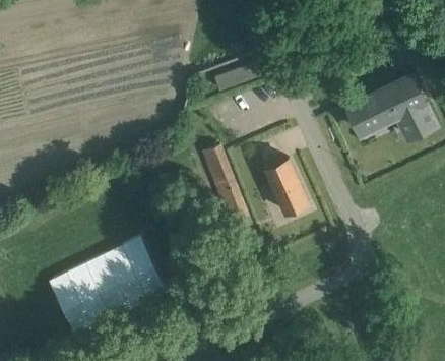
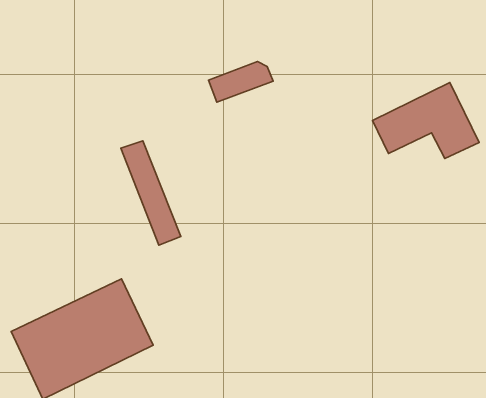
building: [202,145,252,232] -> [121,141,181,245]
building: [266,159,309,214] -> none

